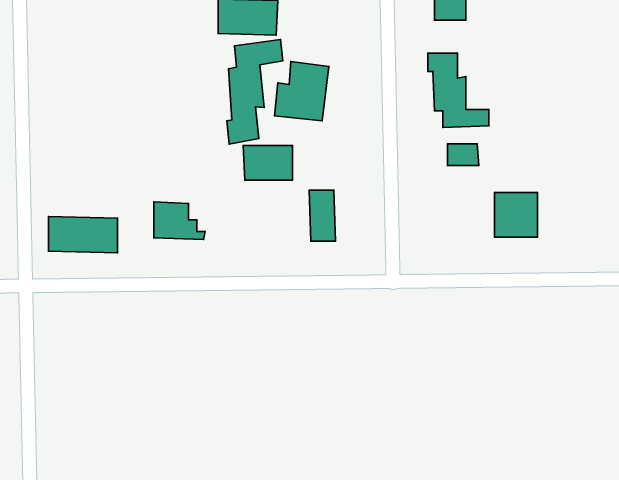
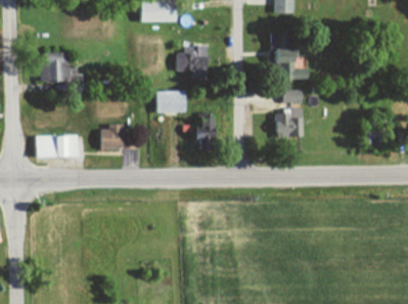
building: [227,40,283,144] -> none
building: none -> [43,53,69,81]
building: [495,193,538,237] -> [276,111,303,138]

